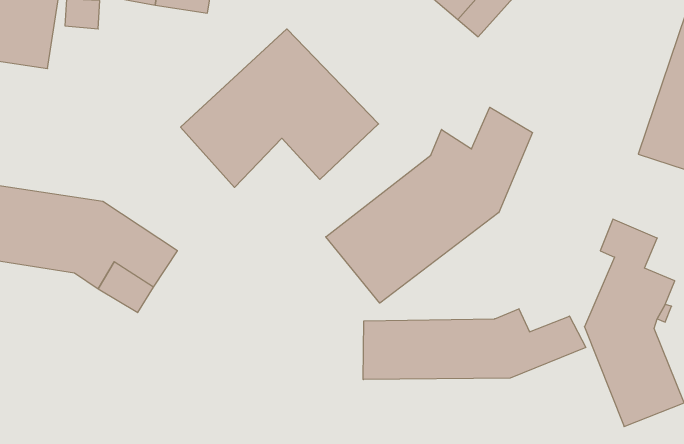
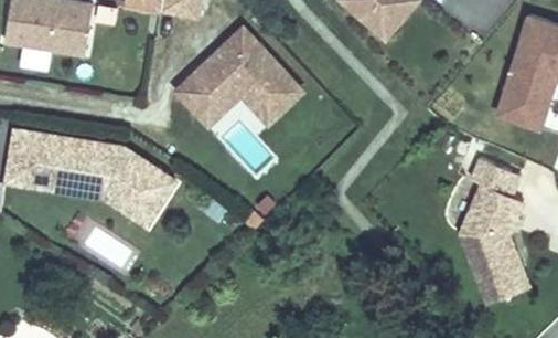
building: [326,107,532,303] -> none
building: [363,309,586,380] -> none

